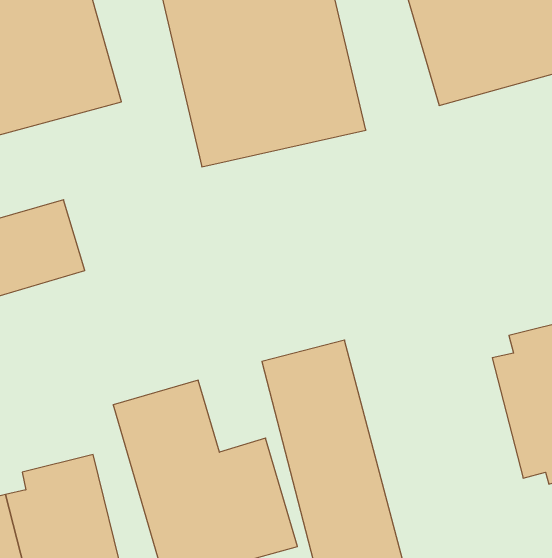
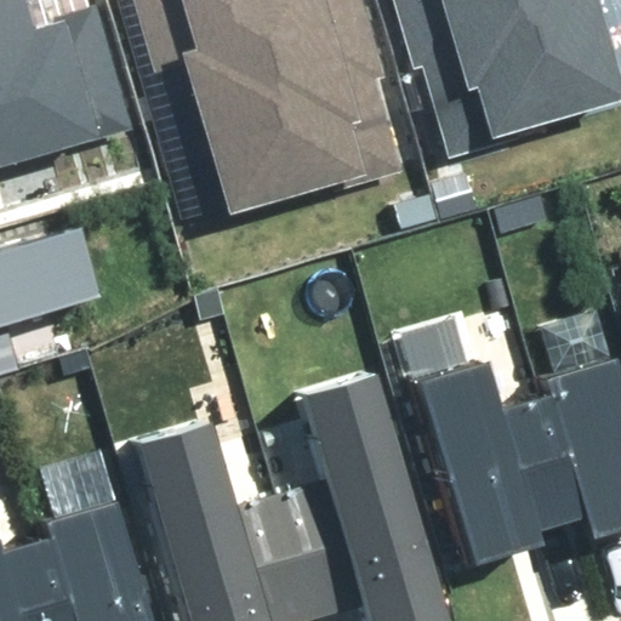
building: none -> [421,351,558,549]

